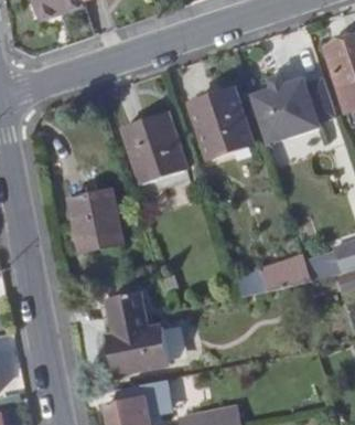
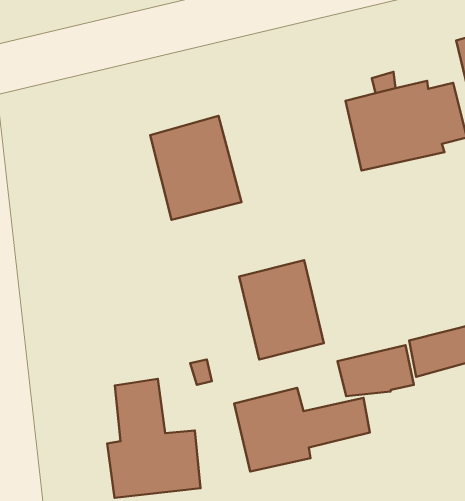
building: [191,88,251,158] -> [239,260,324,359]
building: [69,192,119,235] -> none
building: none -> [234,388,370,472]

